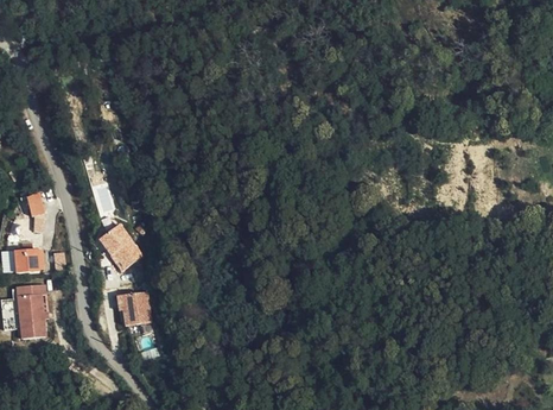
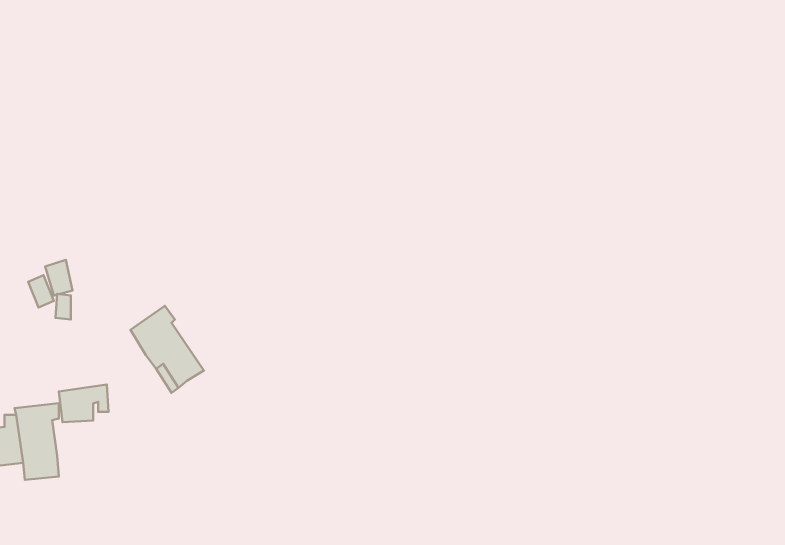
building: [14,246,49,272] -> [59,385,108,422]
building: [125,298,151,329] -> none

